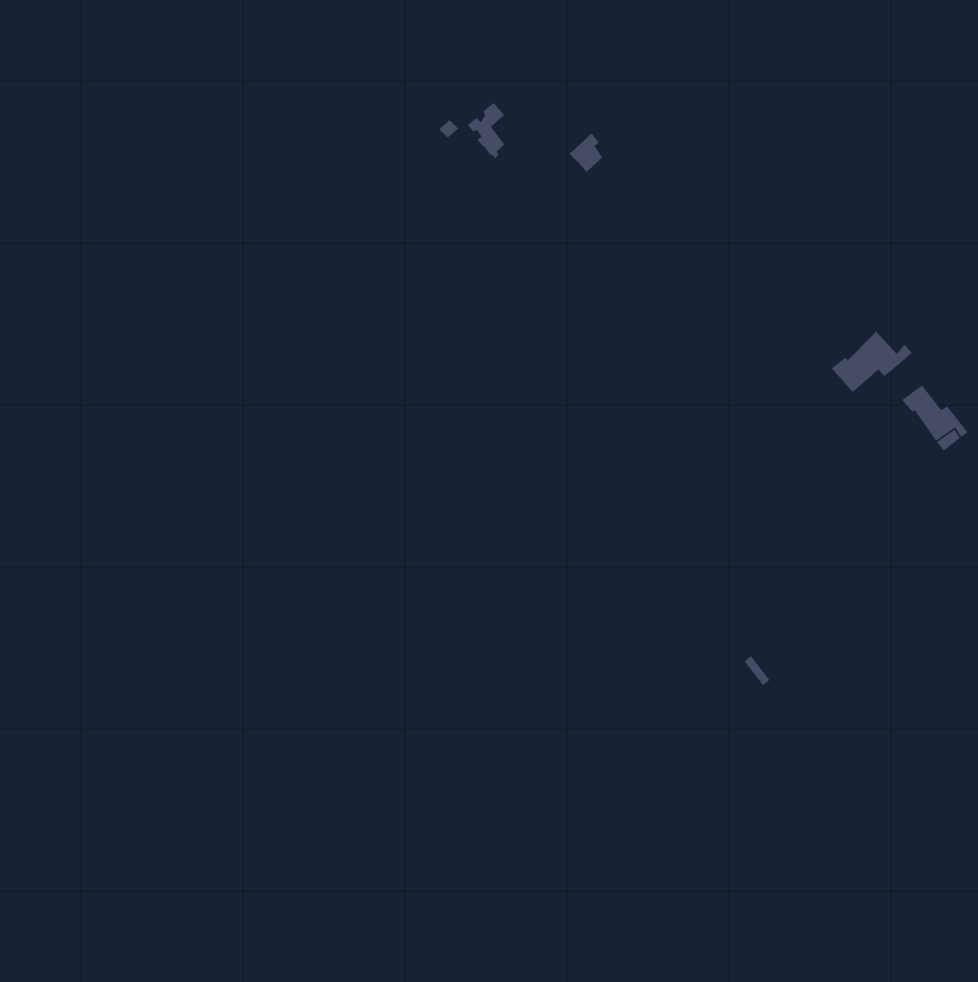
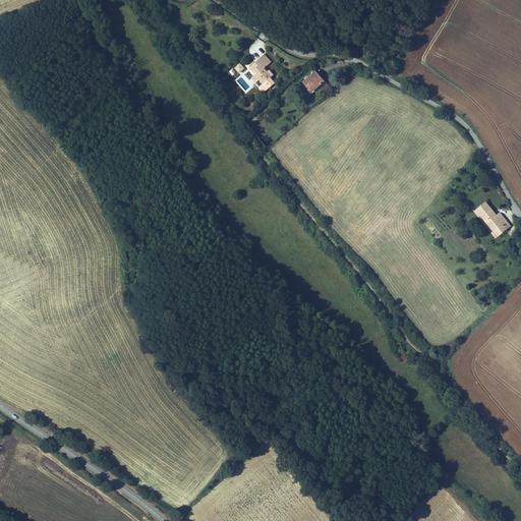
building: [831,331,913,393] -> none

